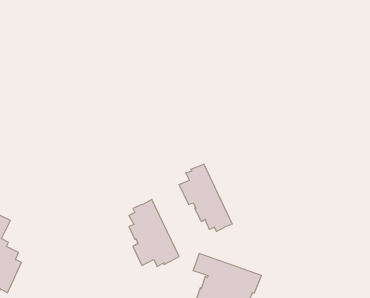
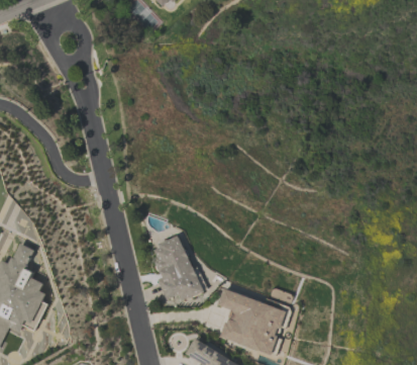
building: [179,164,232,231] -> none

